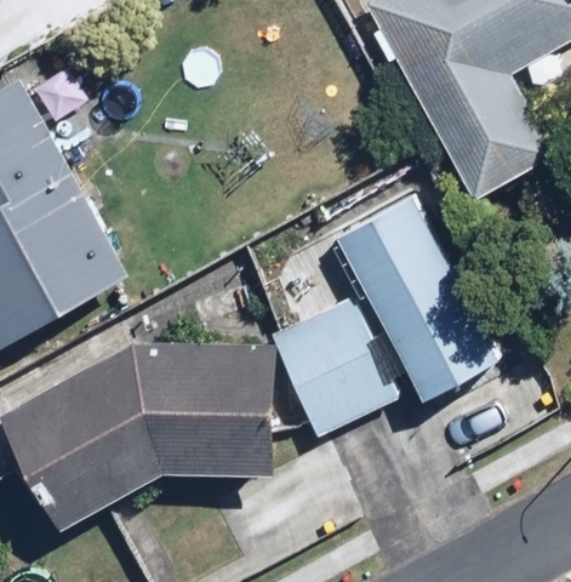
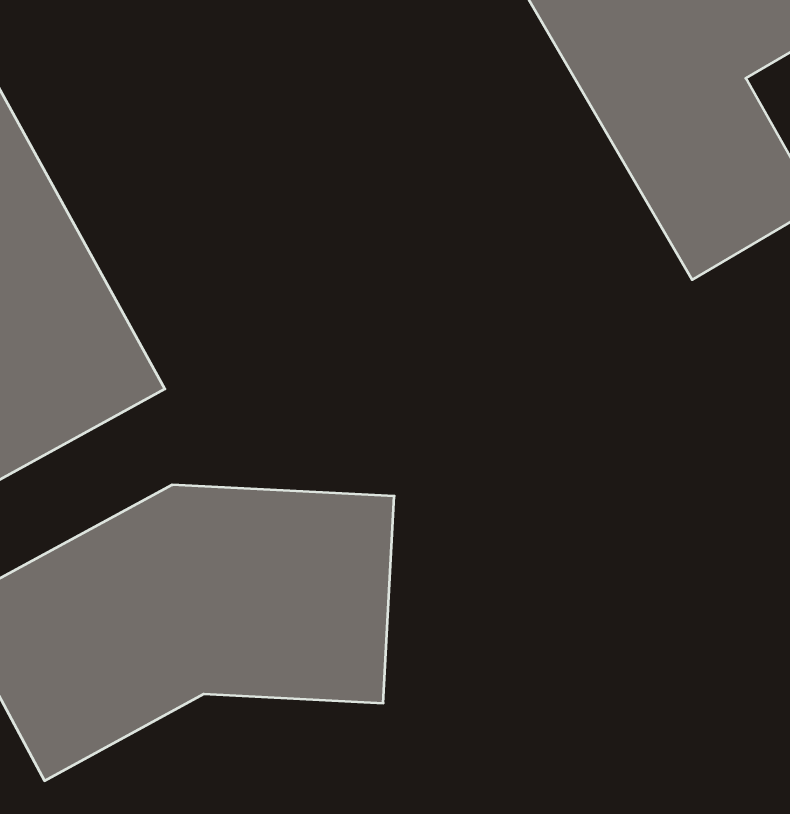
building: [338,196,497,406] -> none
building: [278,297,395,435] -> none

